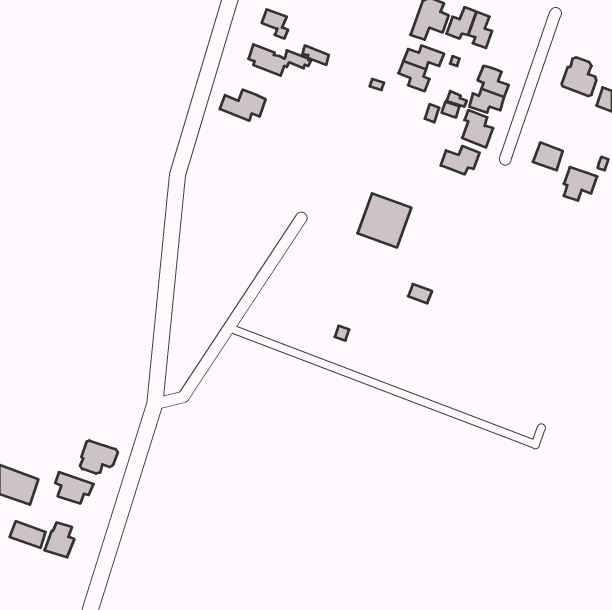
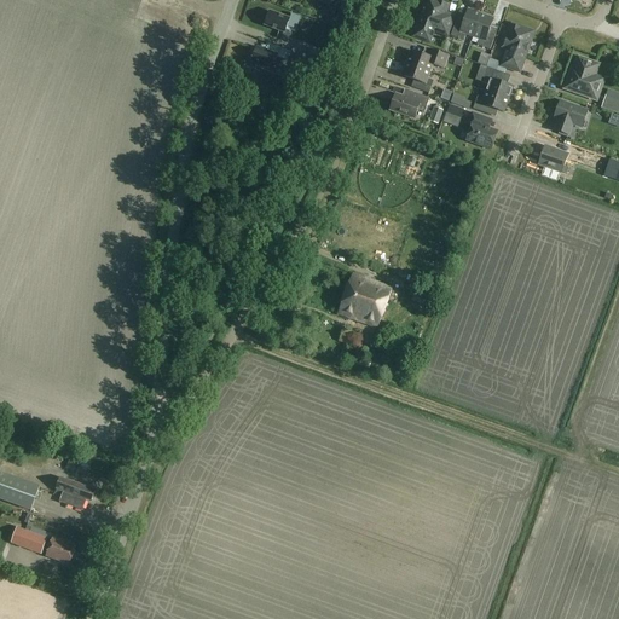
building: none -> [502,23,531,70]
building: [220,90,265,121] -> none
building: none -> [389,91,428,117]
building: [441,146,480,174] -> none
building: [564,167,597,201] -> [550,99,584,133]
building: [357,193,411,247] -> [337,272,392,326]
building: [80,440,118,474] -> none

